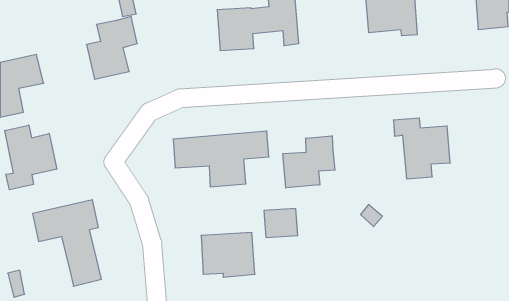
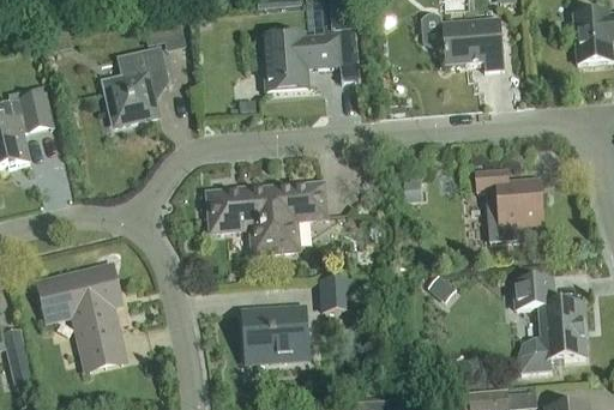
building: [5,125,57,190] -> none
building: [283,136,335,188] -> none
building: none -> [512,276,584,372]

